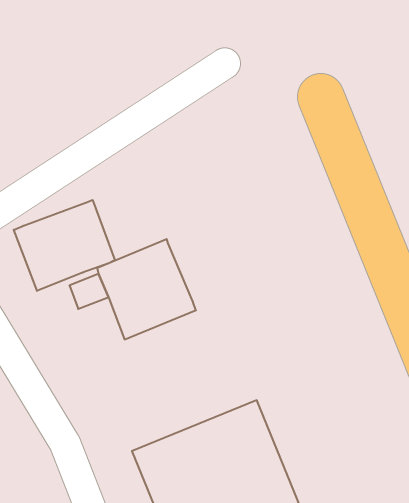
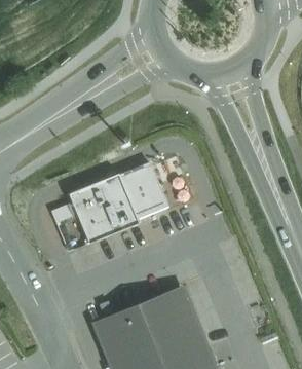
building: [14,200,115,291] -> none
building: none -> [120,164,167,218]

